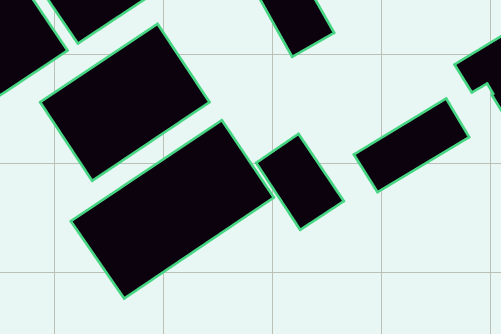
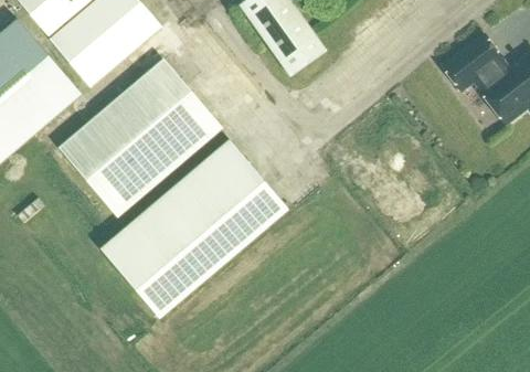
building: [354,98,469,192] -> none
building: [256,134,344,230] -> none

